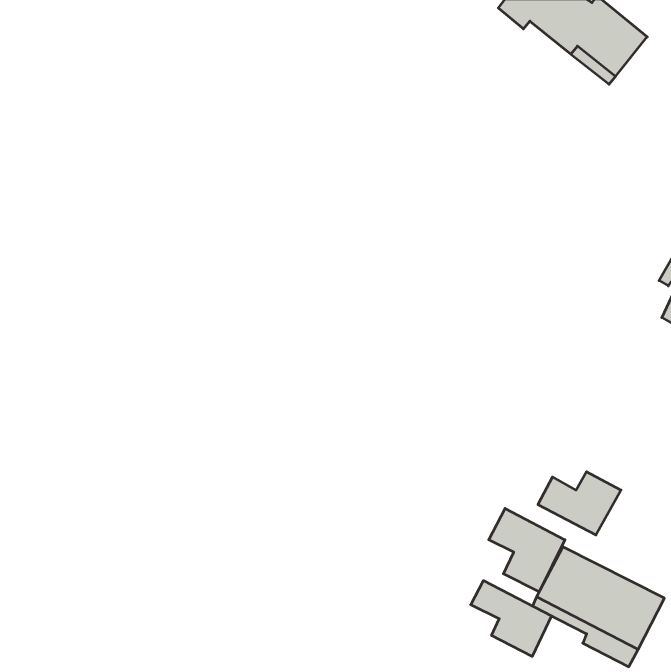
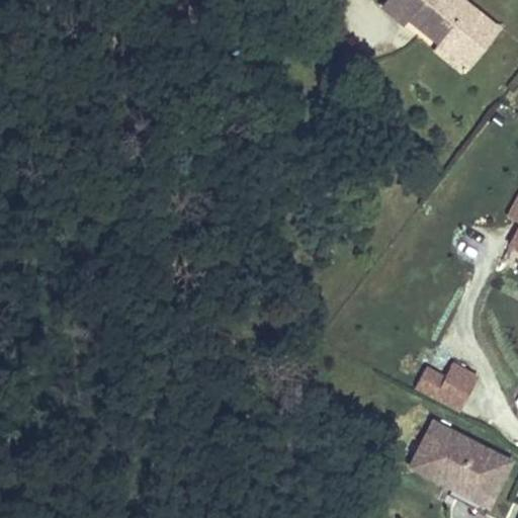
building: [489,508,565,592] -> none
building: [471,581,551,656] -> none

